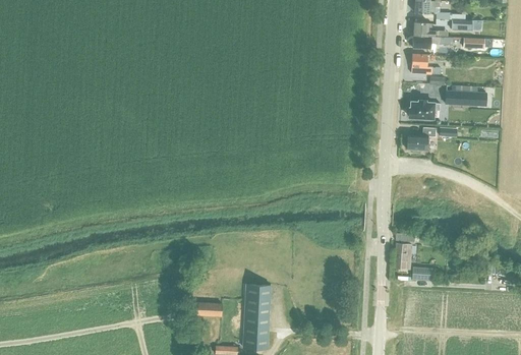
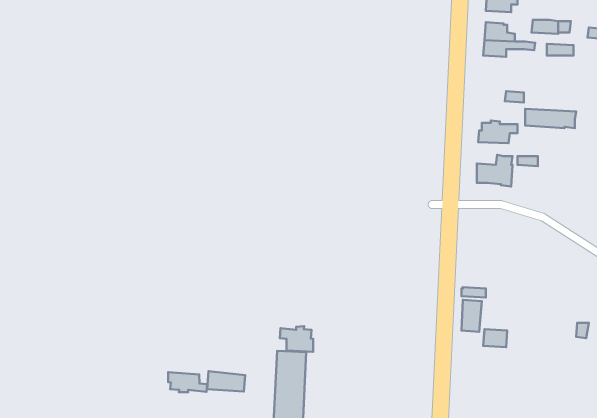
building: [411,54,441,74] -> none
building: none -> [280,326,313,352]
building: none -> [168,372,207,392]

